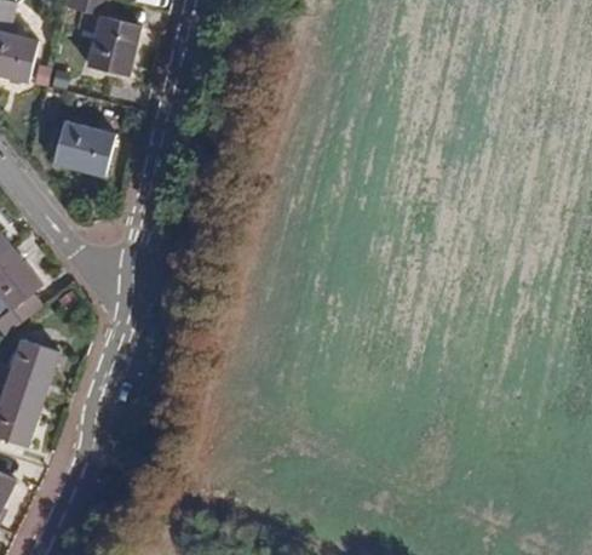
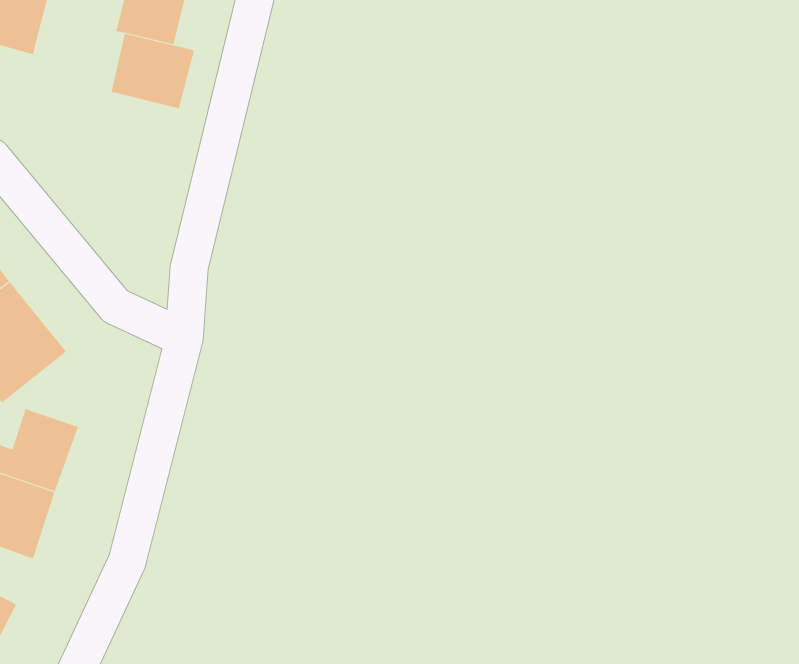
building: [53,121,114,176] -> [111,33,195,109]

